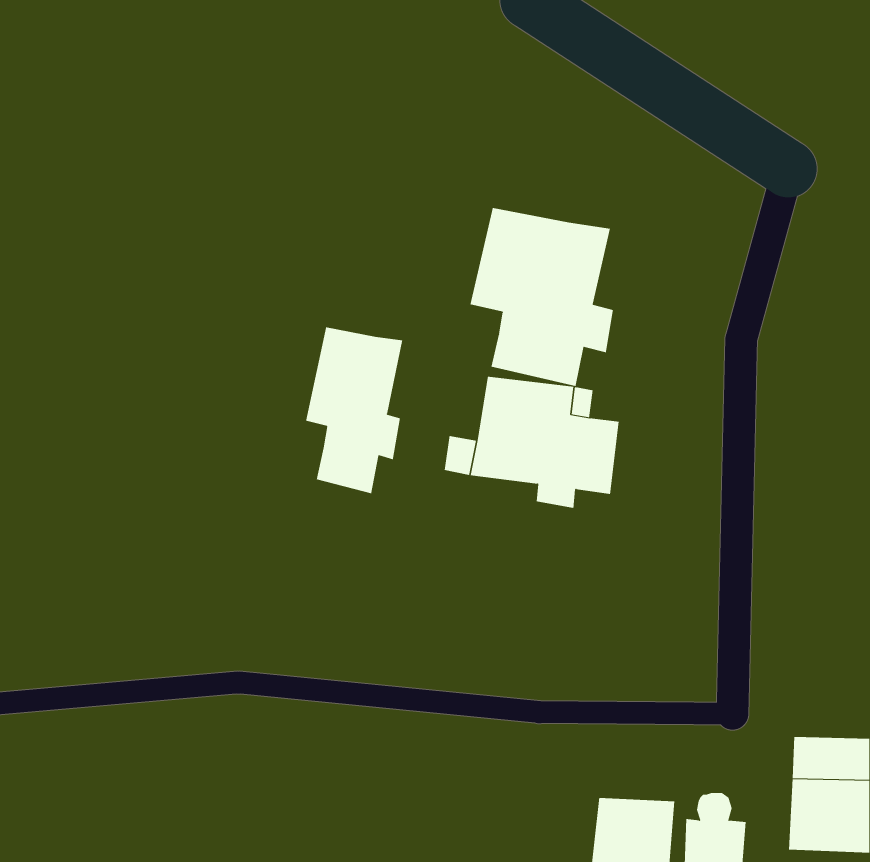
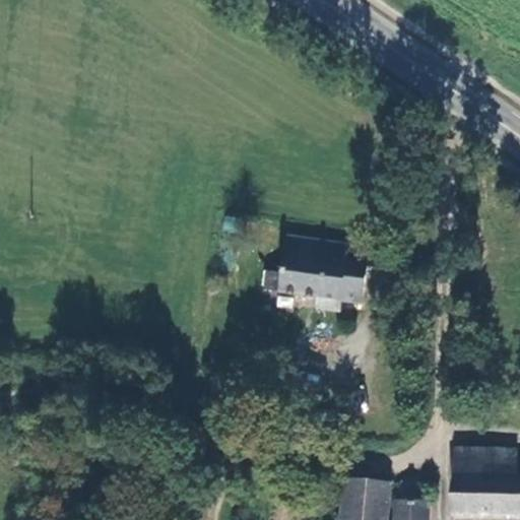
building: [470,207,613,387] -> none
building: [306,326,403,494] -> none

